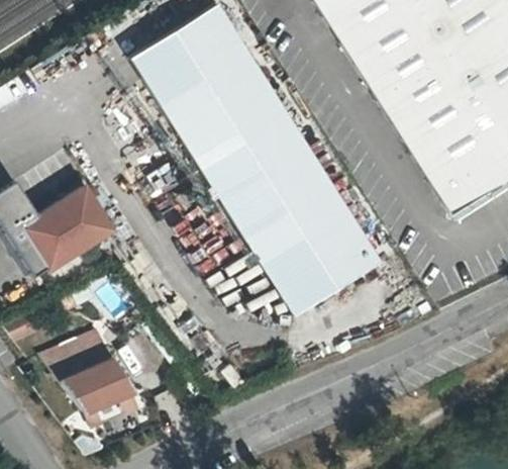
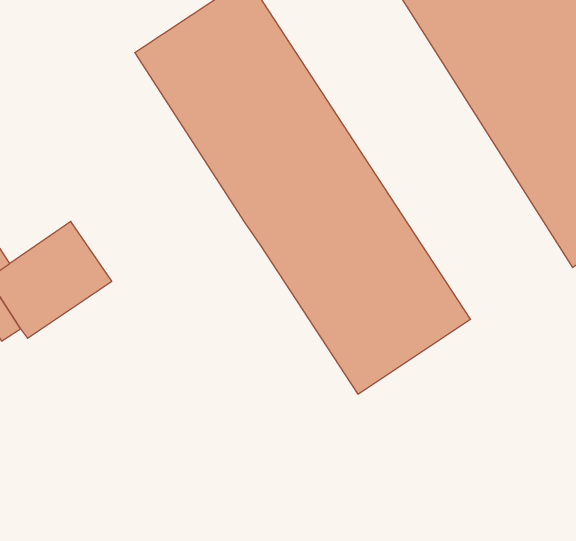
building: [45,333,135,409] -> none

